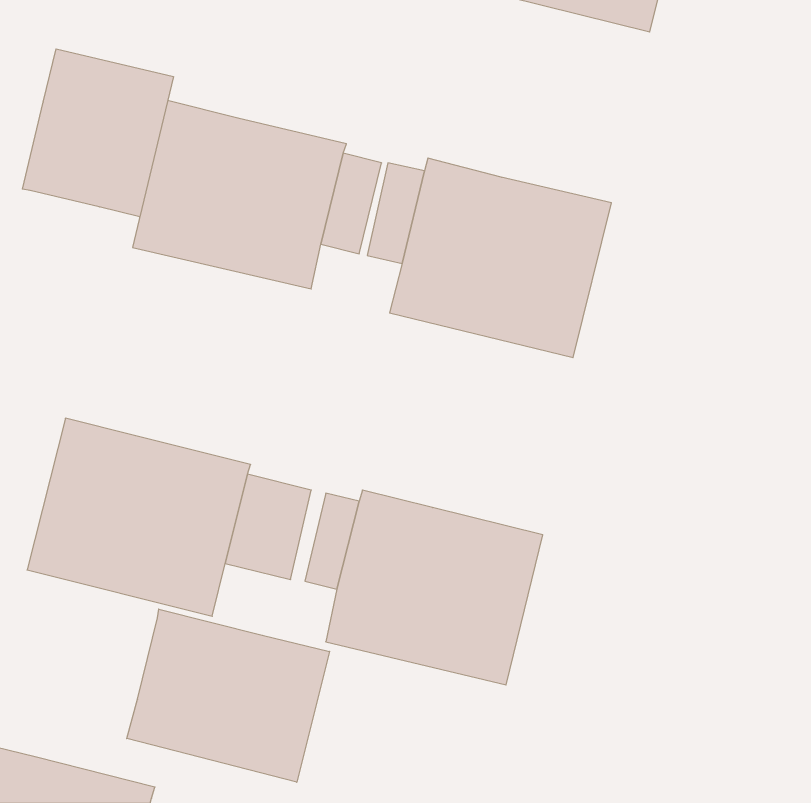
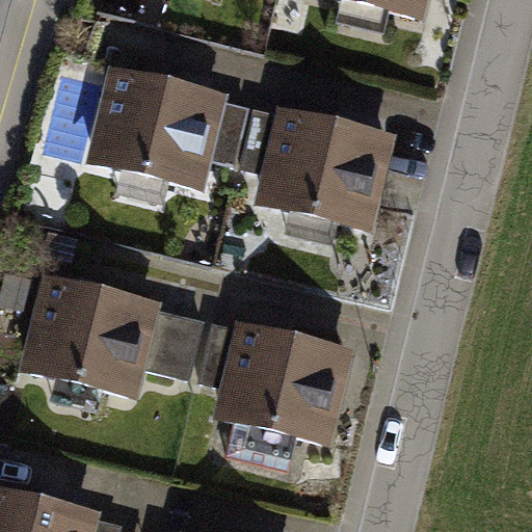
building: [22,49,173,217] -> none
building: [127,609,330,782] -> none

